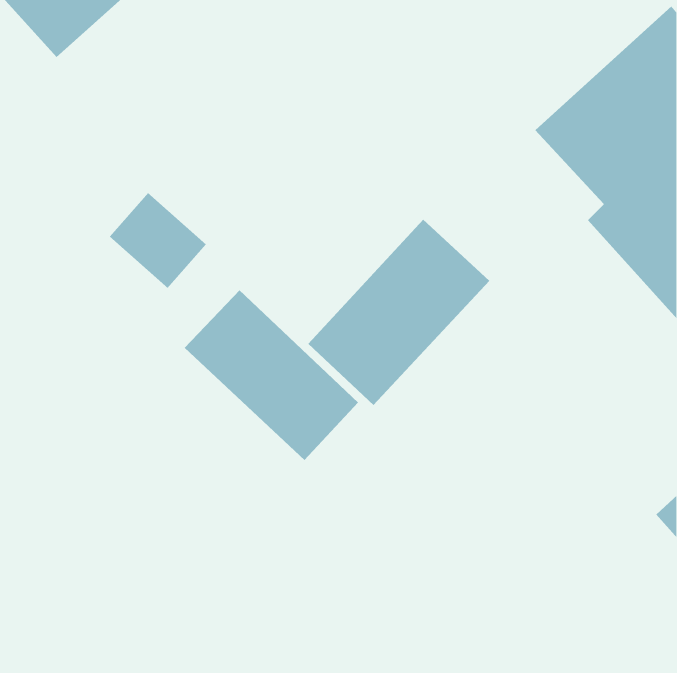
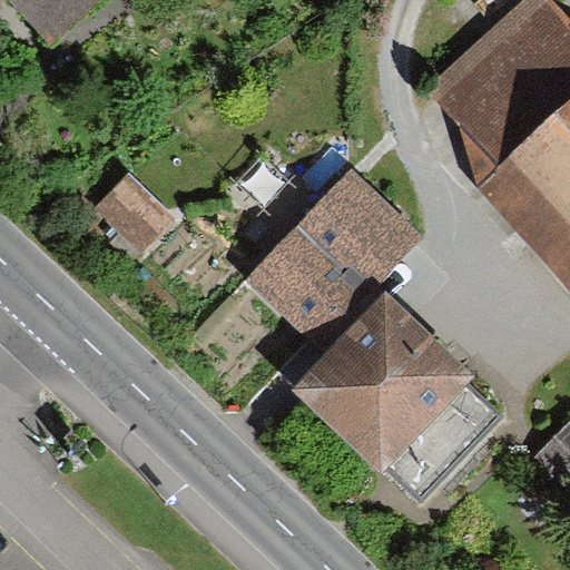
building: [184,290,359,461] -> none
building: none -> [306,303,499,493]

